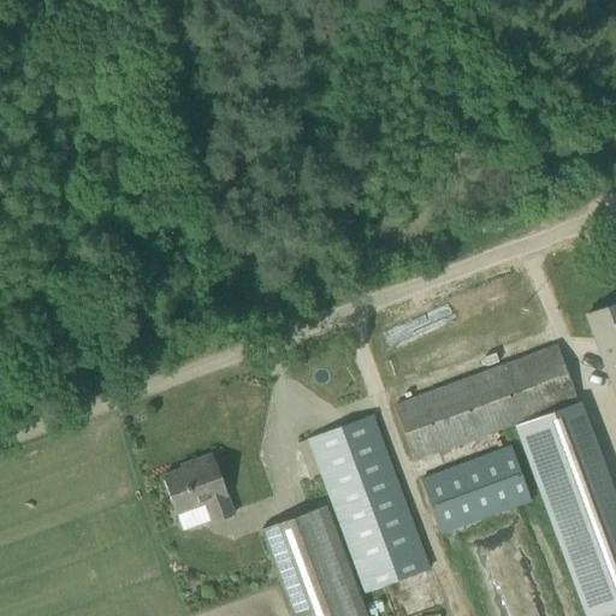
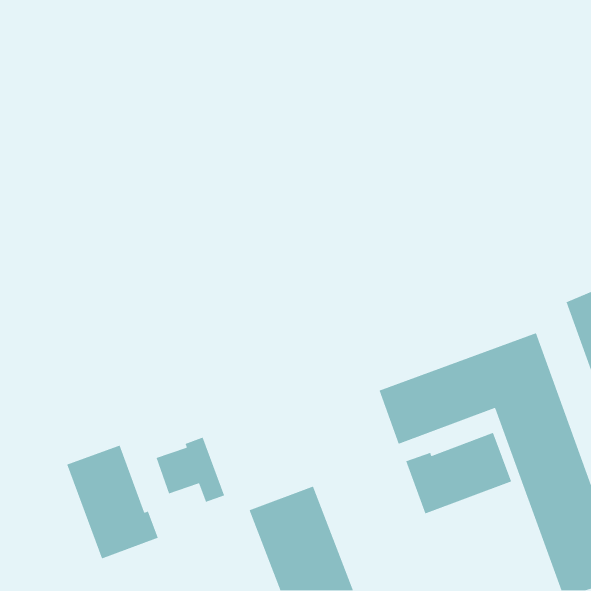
building: [309,413,432,592] -> none
building: none -> [66,444,159,560]

